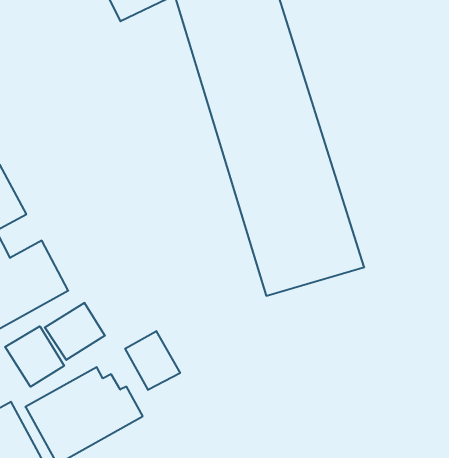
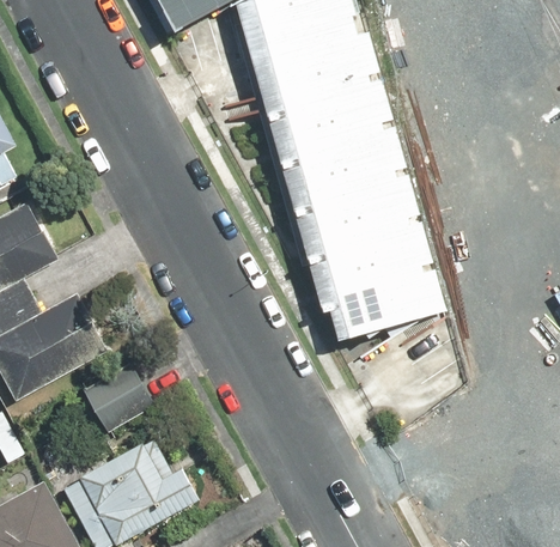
building: [5,326,64,387] -> none
building: [125,331,180,390] -> none

